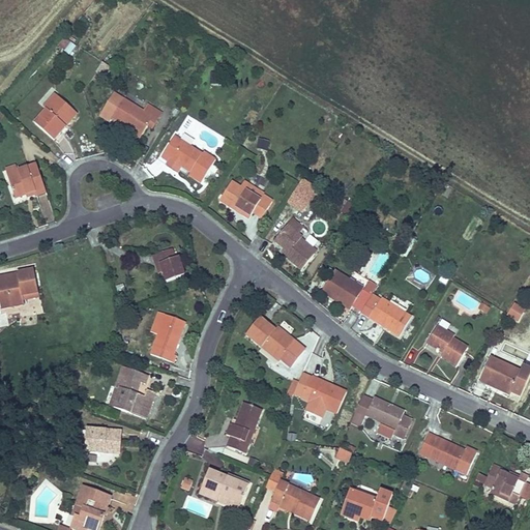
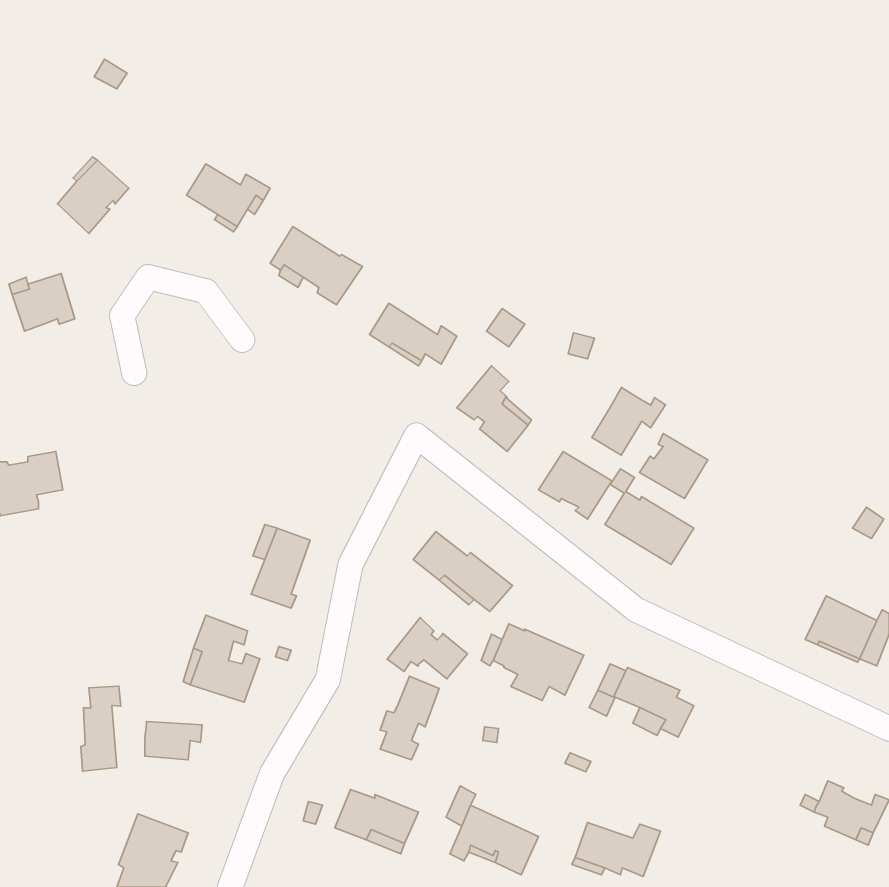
building: none -> [592,388,665,455]
building: [152,247,184,279] -> none
building: none -> [640,434,708,499]
building: [426,325,467,364] -> none
building: none -> [387,618,468,679]
building: none -> [81,686,121,771]
building: [419,433,476,473] -> none

